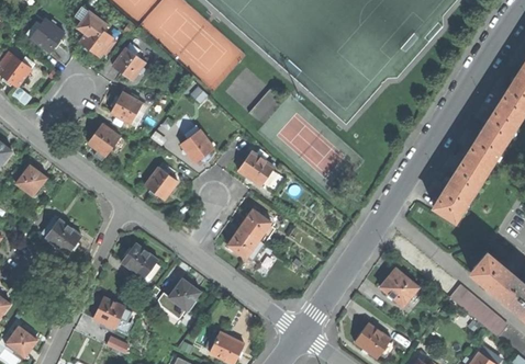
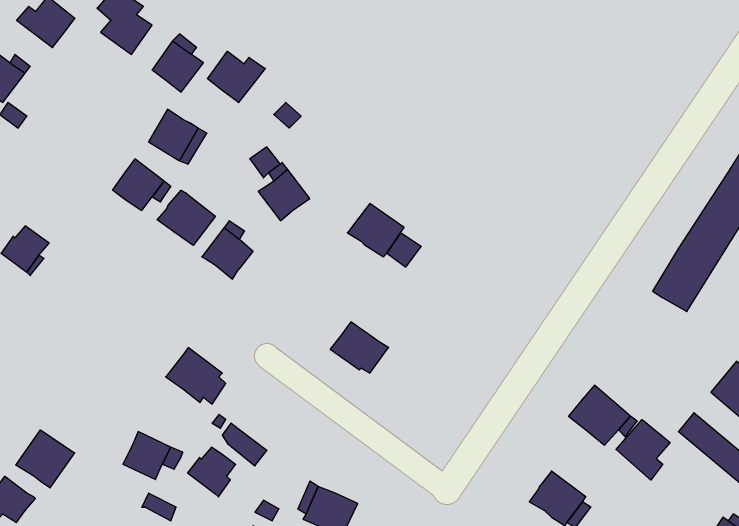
building: none -> [208,51,265,103]
building: none -> [157,190,215,245]
building: [239,209,270,240] -> none
building: [42,218,80,254] -> none
building: [168,280,199,311] -> [188,447,236,497]
building: none -> [616,420,670,480]
building: none -> [16,430,75,488]

